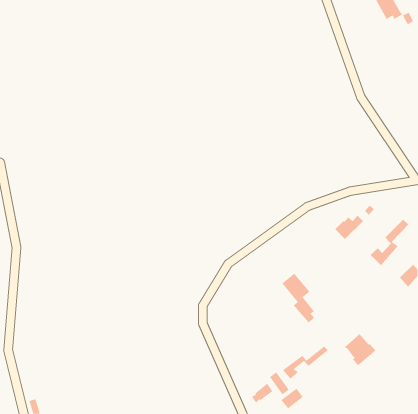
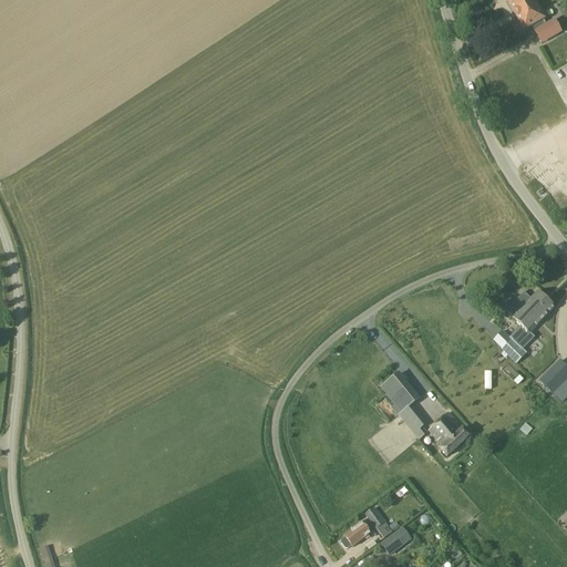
building: [334,214,364,240] -> [506,288,546,322]
building: [344,333,376,366] -> [427,410,471,454]
building: [282,346,328,380] -> none

